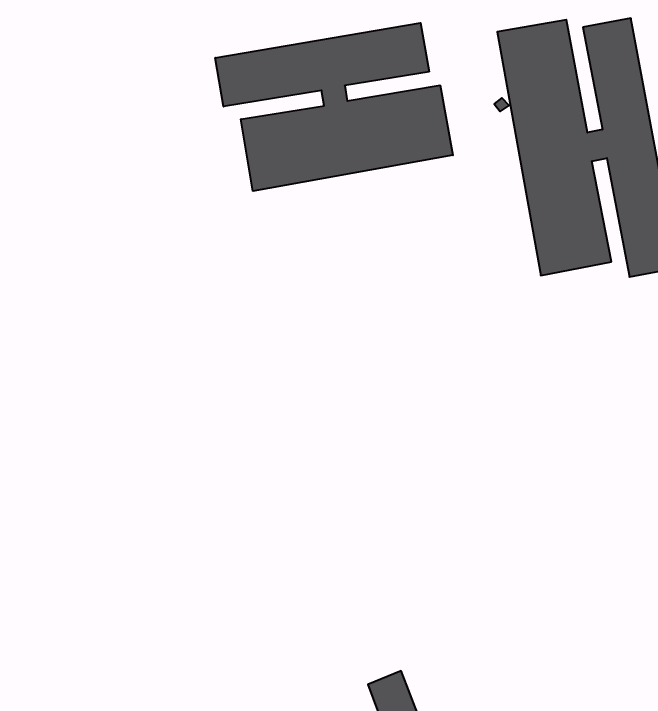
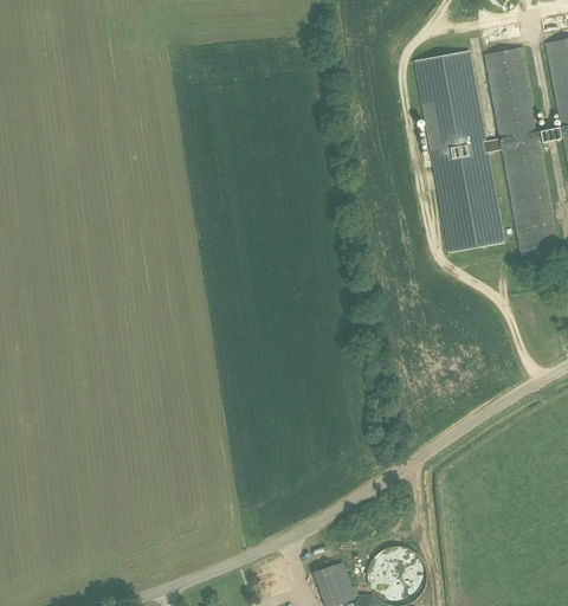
building: [215,23,453,191] -> none

